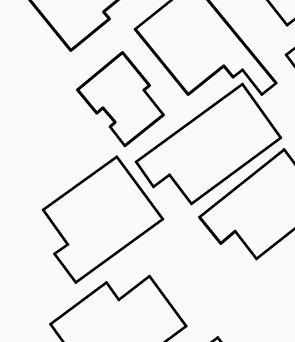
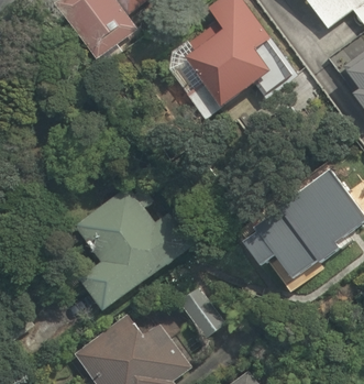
building: [78,52,164,146] -> none
building: [136,84,281,204] -> none

